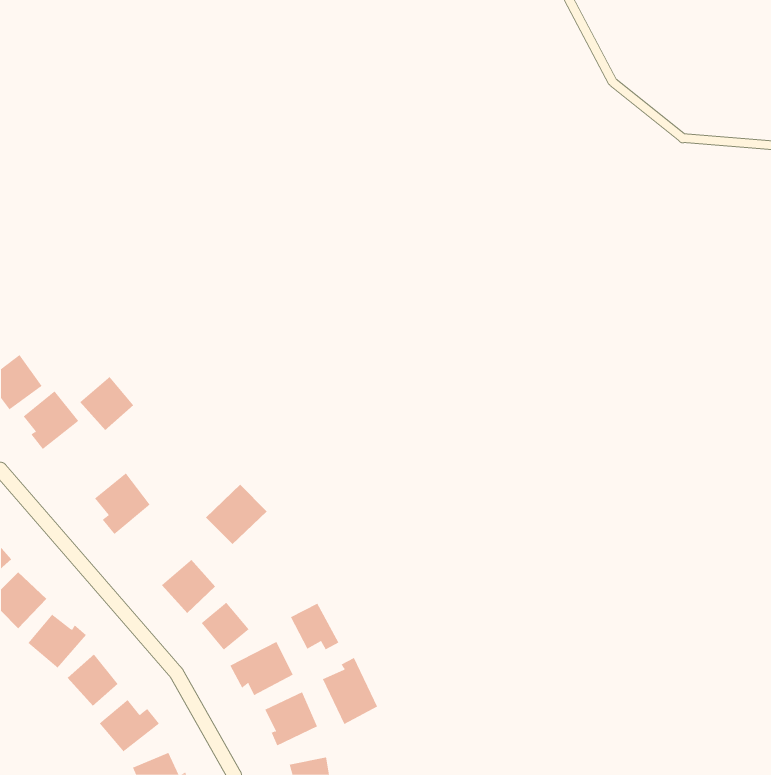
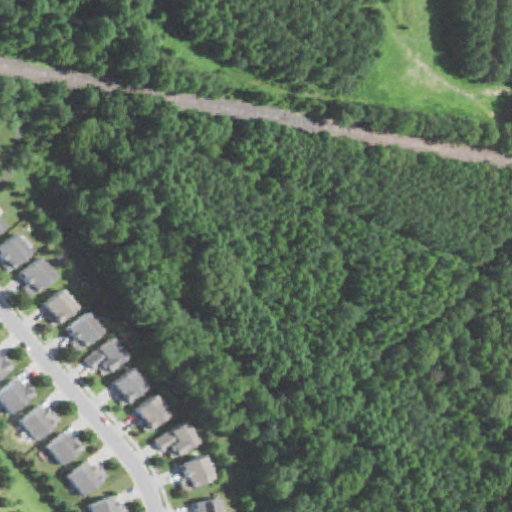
building: [79,376,134,431] -> [42,288,78,324]
building: [205,484,268,545] -> [87,337,128,377]
building: [290,603,339,650] -> none
building: [322,657,378,725] -> none

